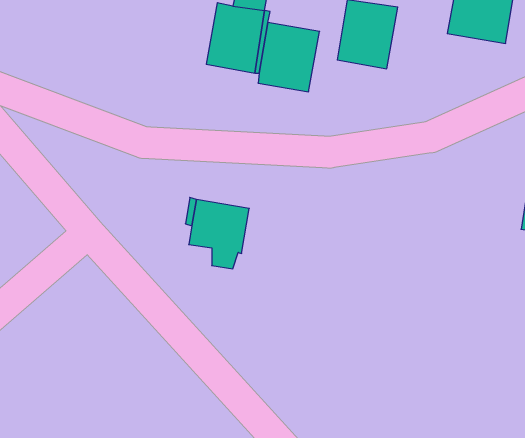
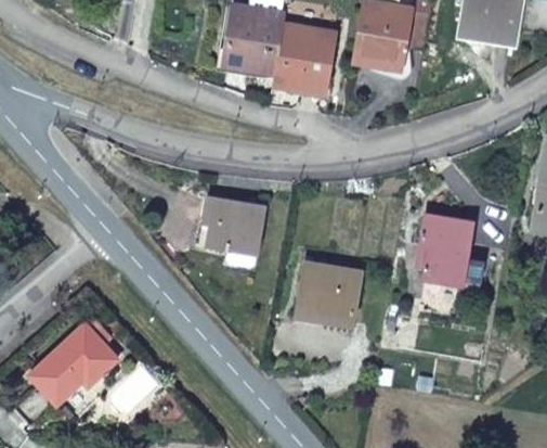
building: none -> [420,214,483,295]
building: none -> [297,263,361,323]
building: none -> [30,324,117,402]

